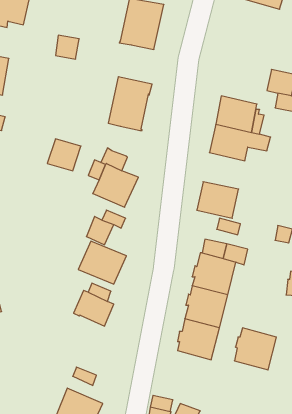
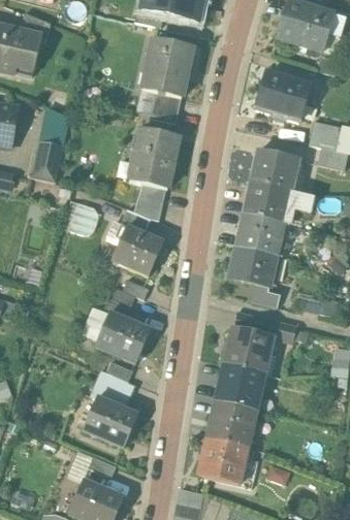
building: none -> [257,72,309,121]
building: [56,35,79,59] -> [37,109,64,136]
building: none -> [149,92,181,123]
building: none -> [31,140,63,182]
building: none -> [133,184,165,220]
building: none -> [236,214,284,255]
building: none -> [83,397,136,447]
building: [234,328,276,370] -> [198,437,246,485]

